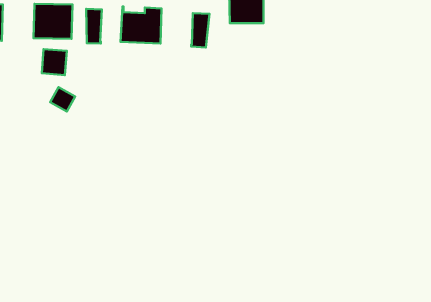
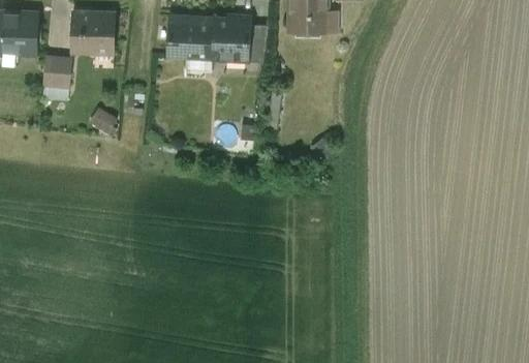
building: none -> [213,14,250,58]
building: [86,9,102,44] -> none
building: [42,49,67,75] -> [43,57,71,86]

